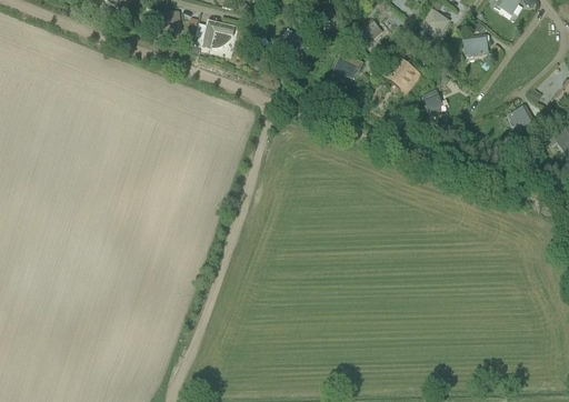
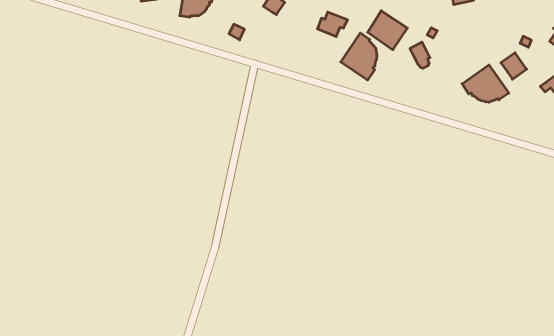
building: none -> [341,33,377,80]
building: none -> [462,65,509,102]

